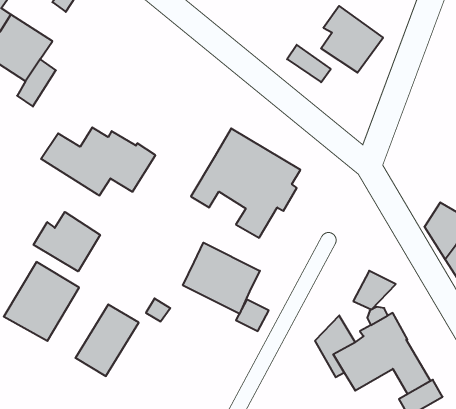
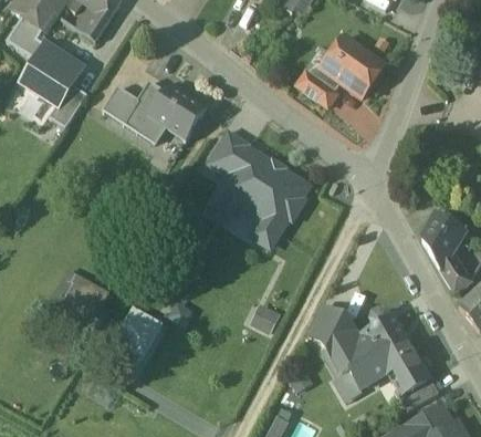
building: none -> [209,129,249,173]
building: [41,127,155,195] -> [103,81,207,143]
building: [34,212,100,271] -> none
building: [183,243,260,314] -> none
building: [353,271,396,310] -> [305,304,344,340]

